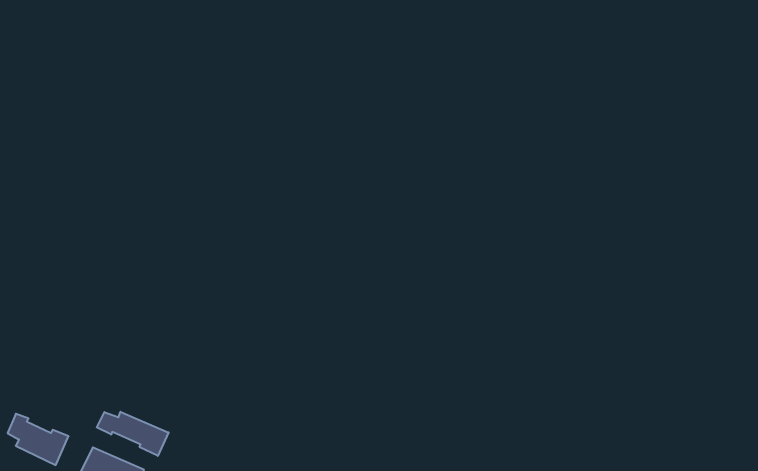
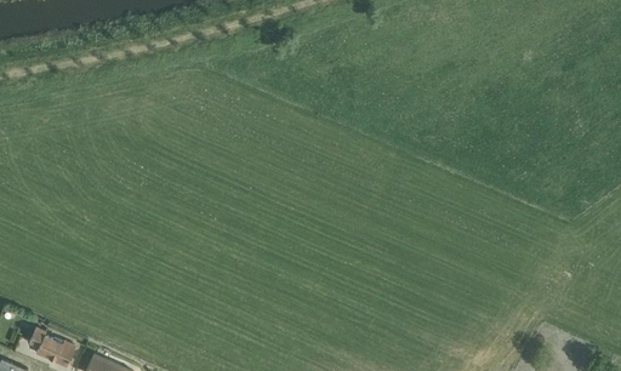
building: [97,412,169,456] -> none

